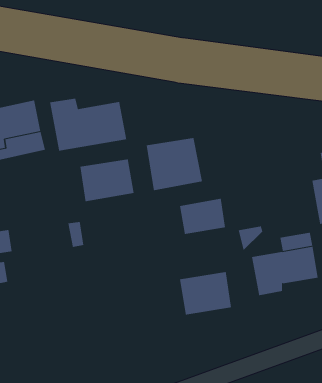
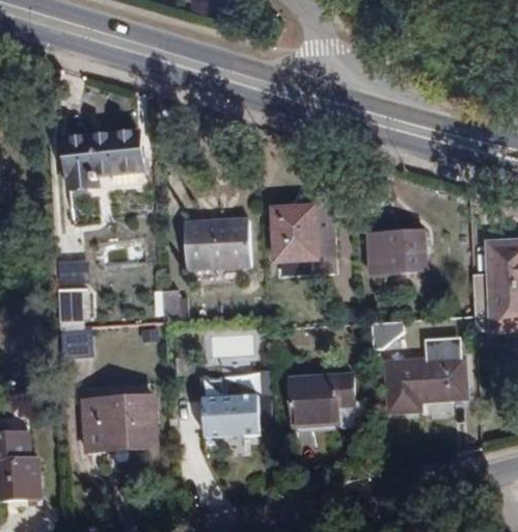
building: [50,98,127,151] -> none
building: [179,198,226,234] -> [369,230,424,269]
building: none -> [203,393,260,446]
building: none -> [83,396,157,450]

